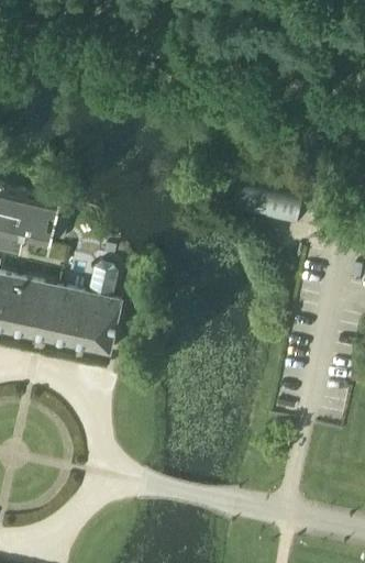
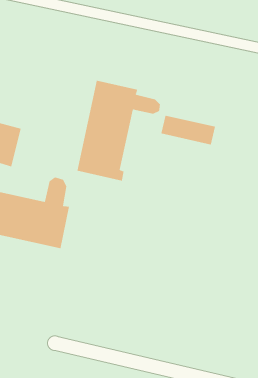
building: none -> [77,80,160,181]

